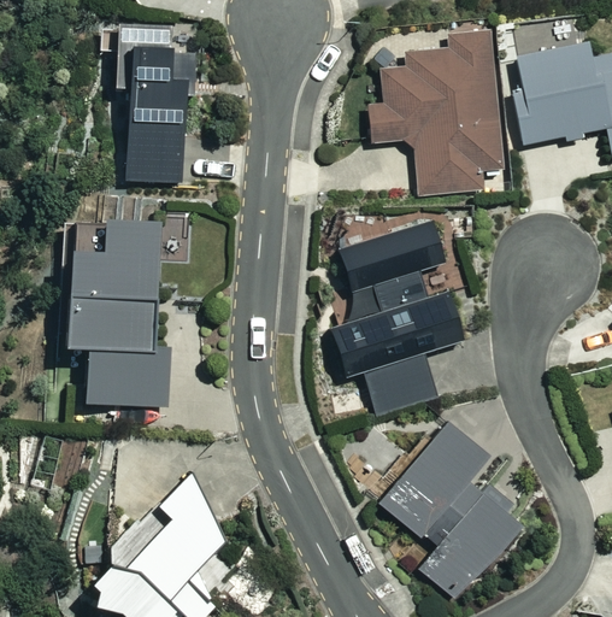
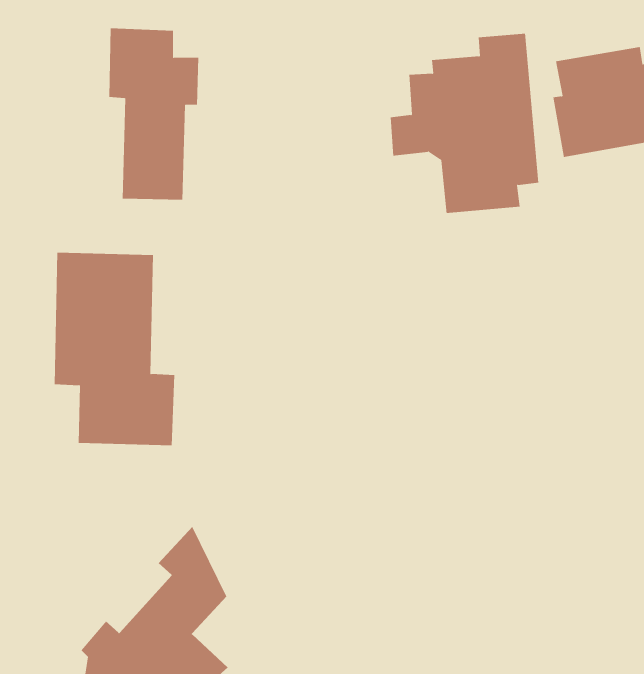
building: [330,222,464,413] -> none
building: [381,421,523,603] -> none

